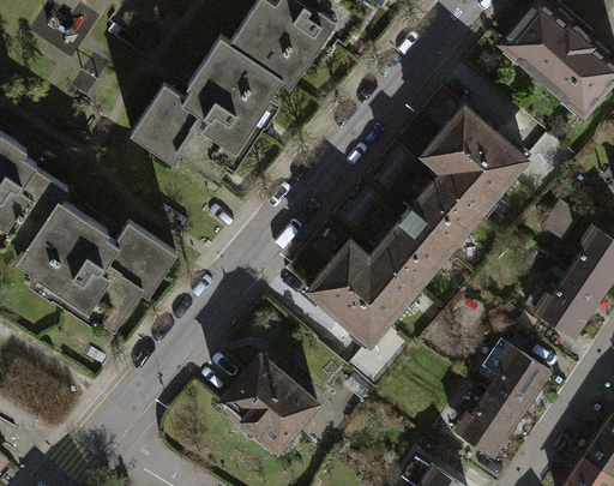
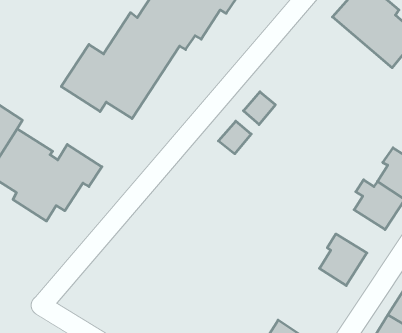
building: [308,107,528,342] -> none
building: [221,355,317,449] -> none
building: [449,394,520,462] -> none

